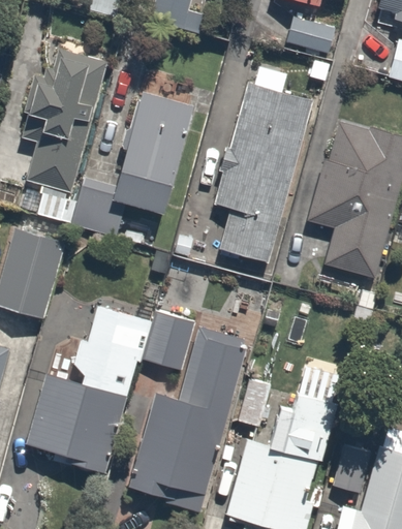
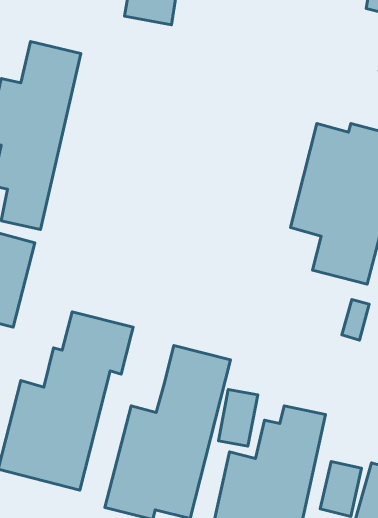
building: [285,14,341,57] -> none
building: [213,64,317,266] -> none
building: [70,93,190,244] -> none
building: [144,324,193,372] -> none

